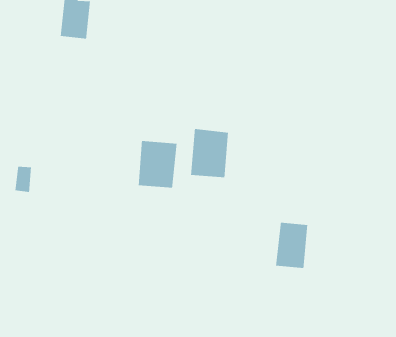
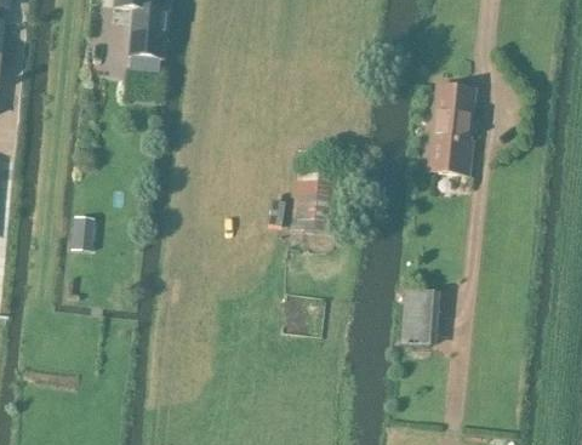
building: none -> [428,84,475,173]
building: [138,140,177,189] -> none

